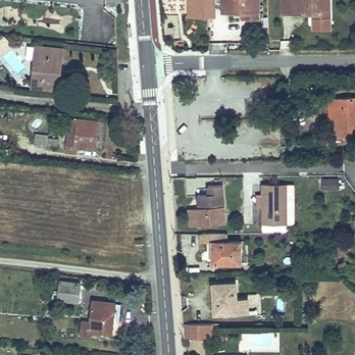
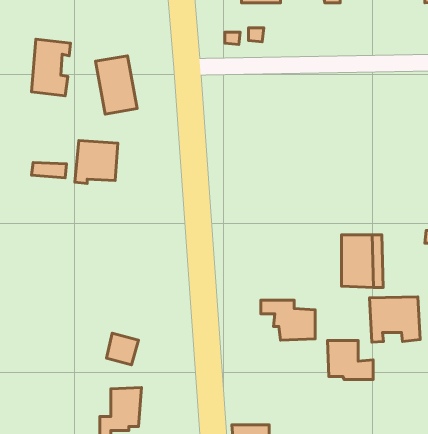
building: [195,186,221,226] -> none
building: none -> [370,297,420,342]
building: [57,280,81,303] -> [107,333,139,365]
building: [212,286,246,314] -> [327,341,373,379]

